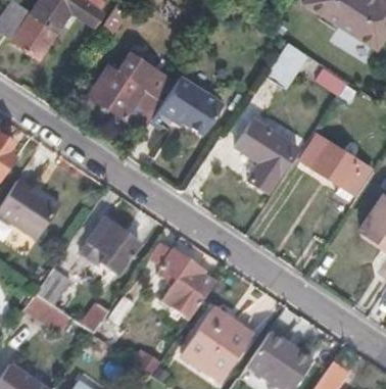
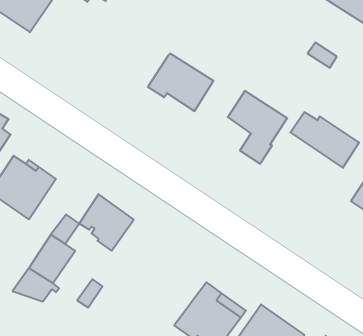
building: [264,41,303,86] -> none
building: [87,50,176,130] -> none
building: [161,249,218,321] -> none

